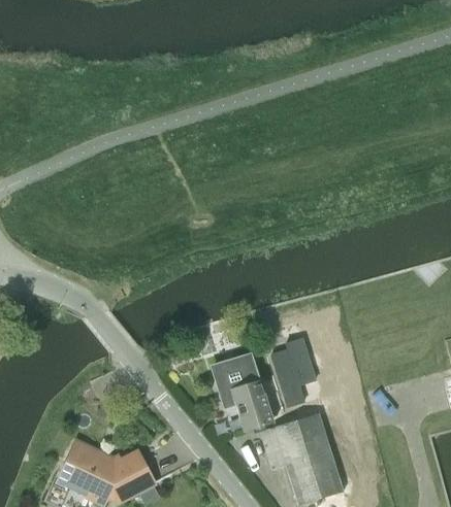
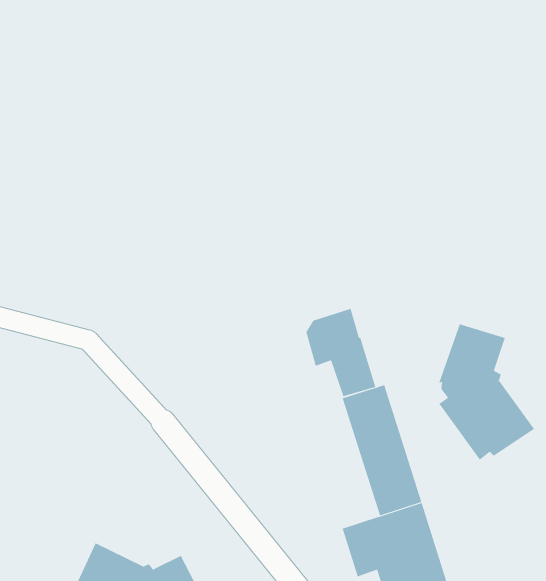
building: none -> [438,323,535,461]
building: [218,361,270,427] -> [305,308,376,397]

